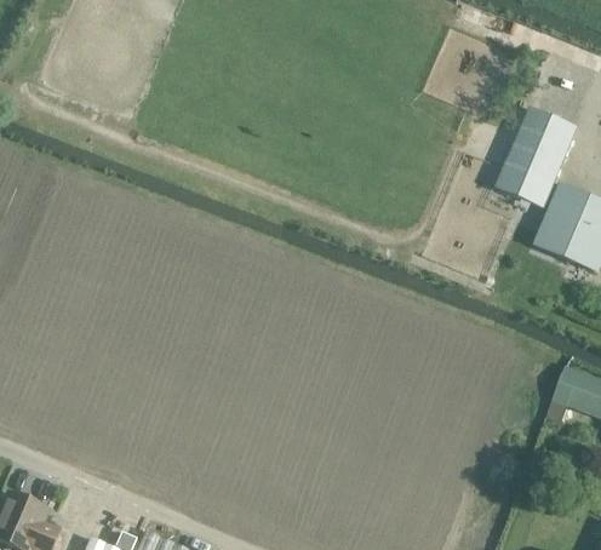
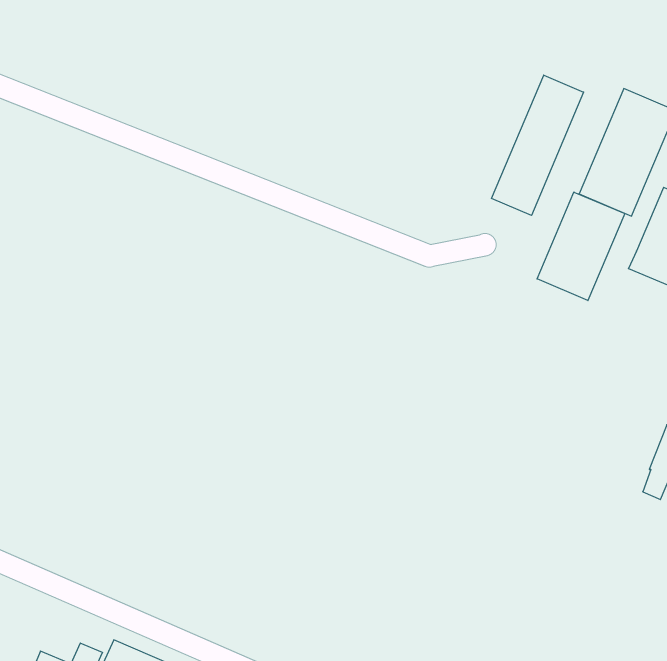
building: none -> [491,75,584,215]
building: none -> [537,192,625,301]

